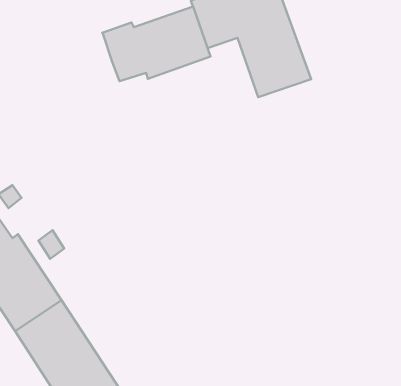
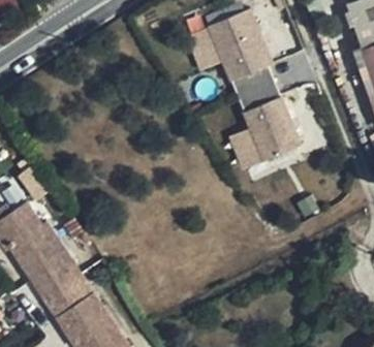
building: [102,7,211,81] -> none
building: none -> [224,97,300,171]

